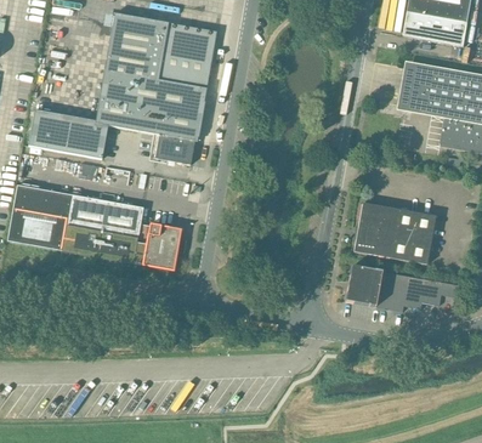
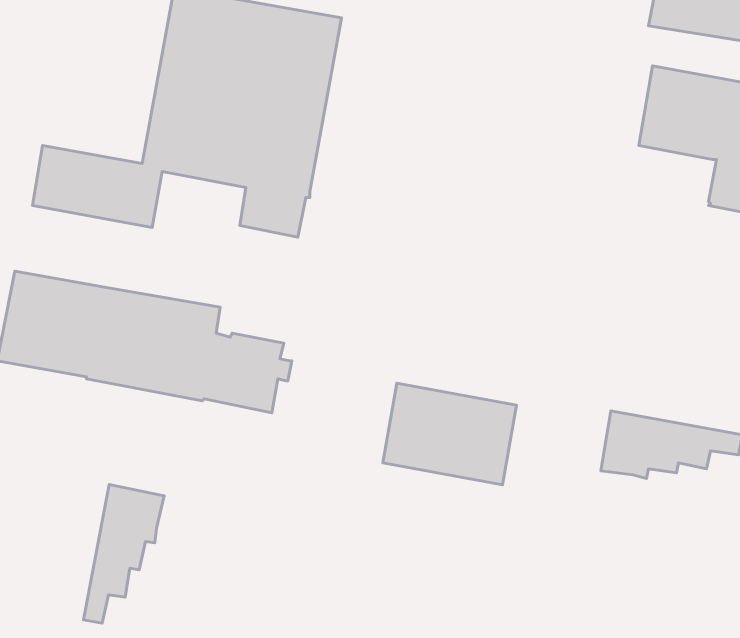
building: [353,201,435,263] -> [383,383,516,485]
building: [345,265,380,306] -> none
building: none -> [84,484,164,623]

